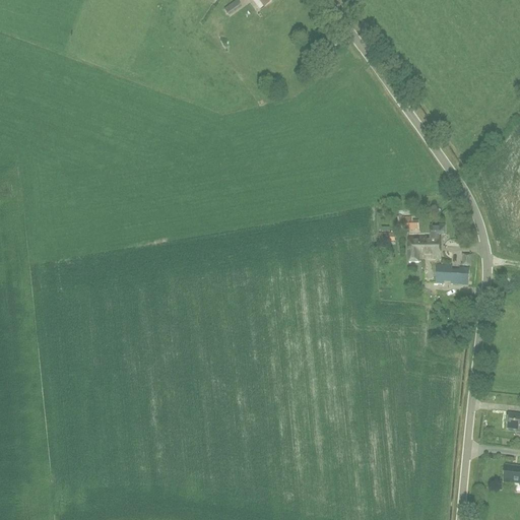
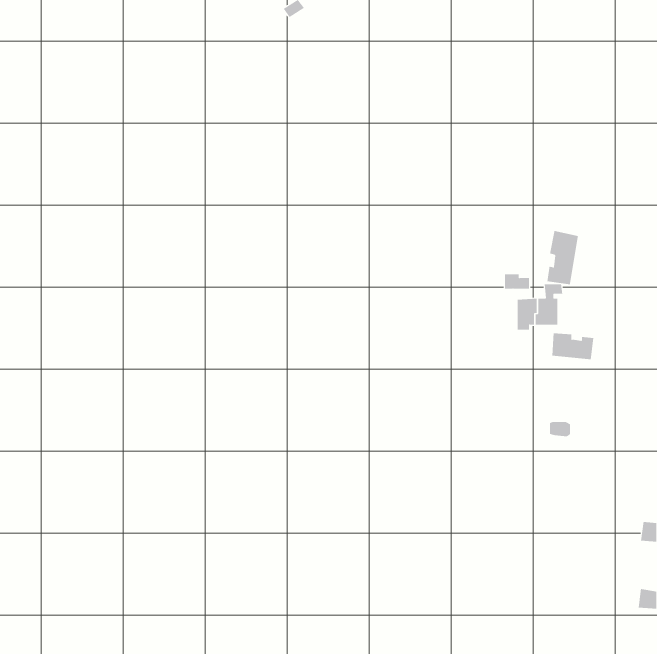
building: none -> [547,230,579,285]

